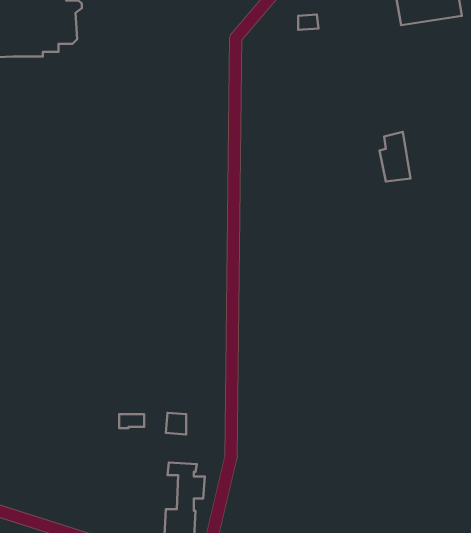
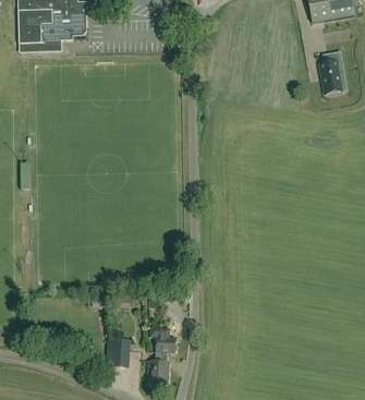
building: [379,132,411,182] -> [319,51,341,86]
building: none -> [107,339,131,367]

